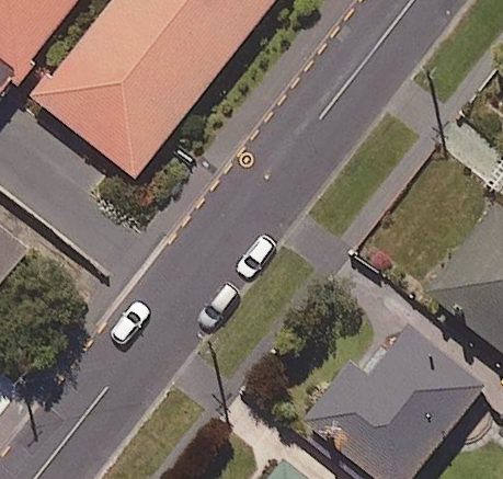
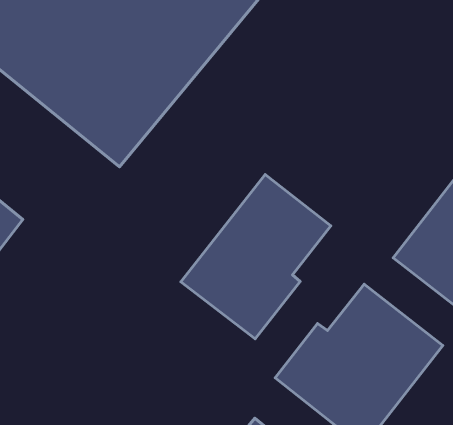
building: none -> [181,174,331,339]

